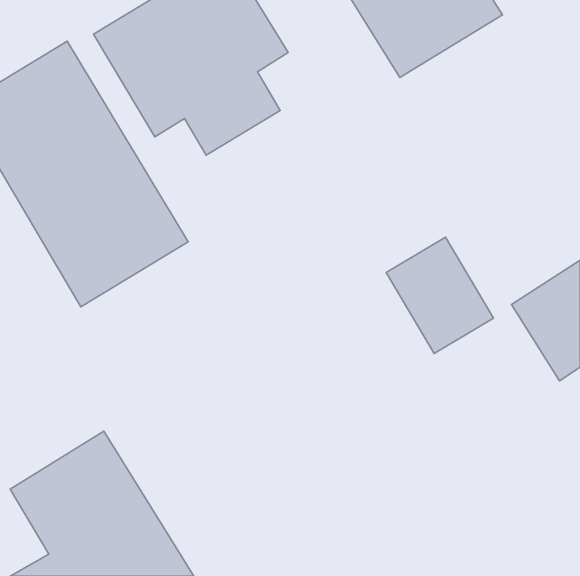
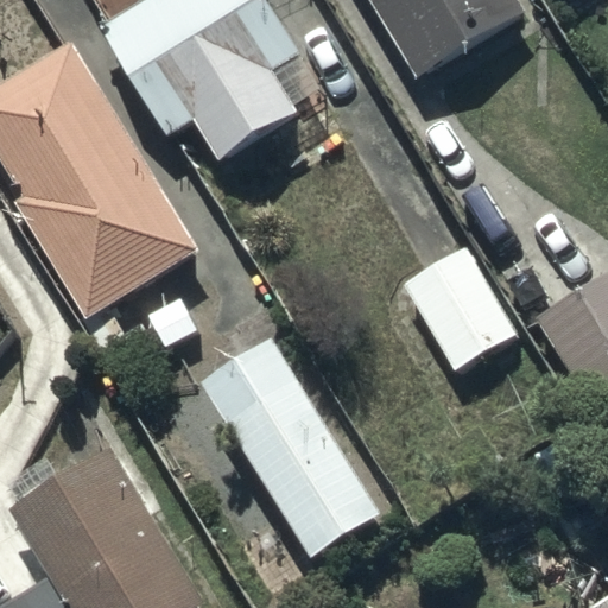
building: none -> [202,336,381,552]

